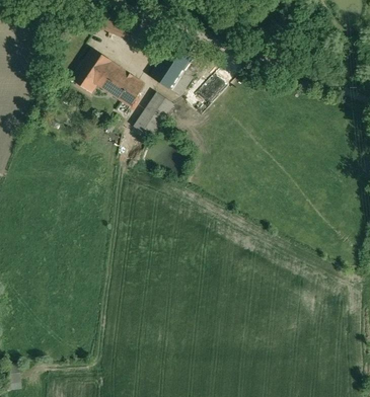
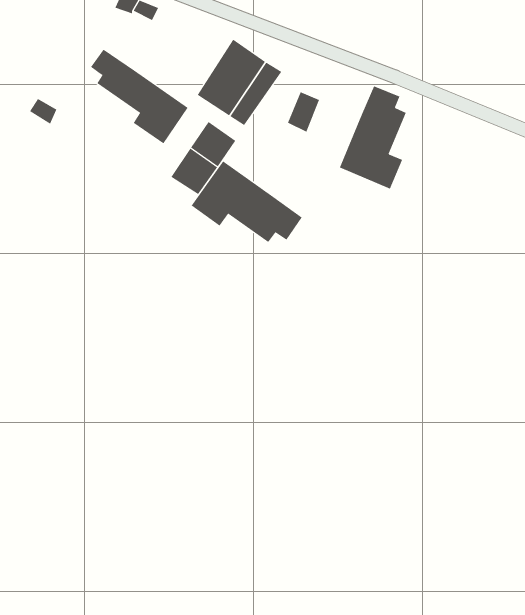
building: [70,58,114,92] -> none
building: none -> [339,86,407,189]
building: none -> [191,161,302,243]

